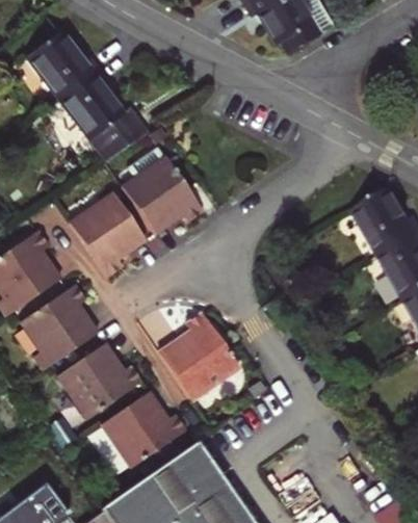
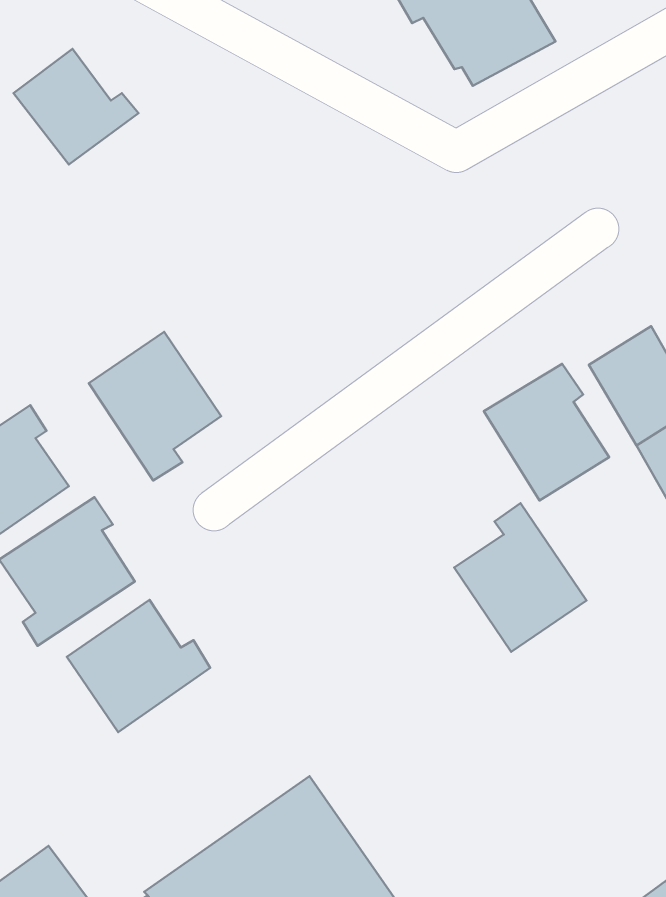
building: [59,69,149,161] -> none
building: [123,157,204,234] -> none
building: none -> [484,364,609,500]
building: [160,318,235,402] -> [454,503,587,652]
building: [101,392,185,469] -> none

